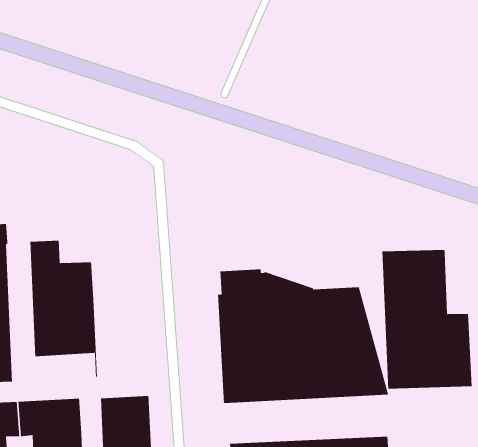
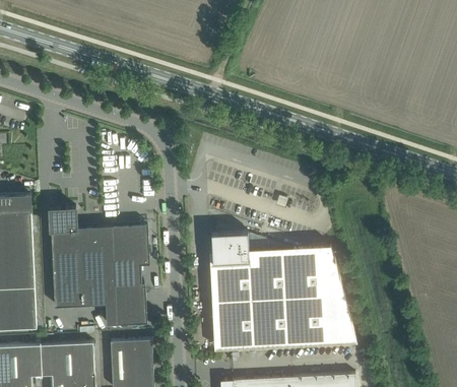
building: [382,249,472,390] -> none
building: none -> [103,227,149,326]

